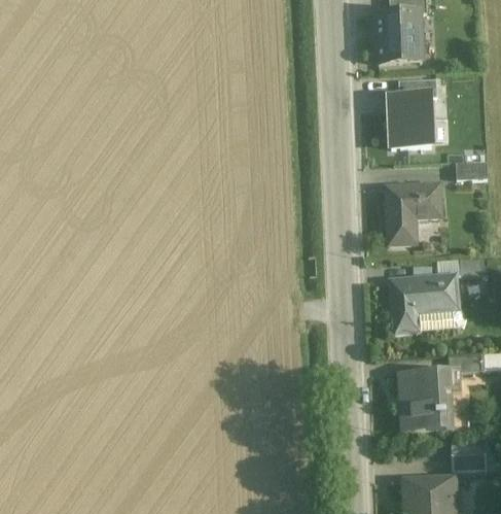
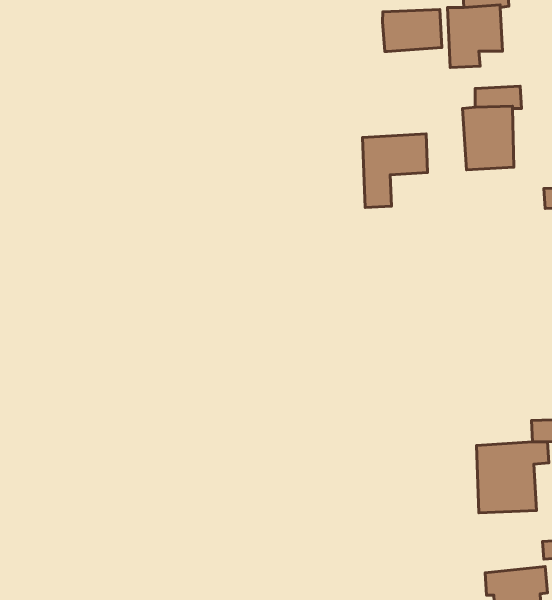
building: none -> [383,10,442,52]
building: [386,183,439,244] -> [363,134,428,207]
building: [390,273,457,330] -> none

